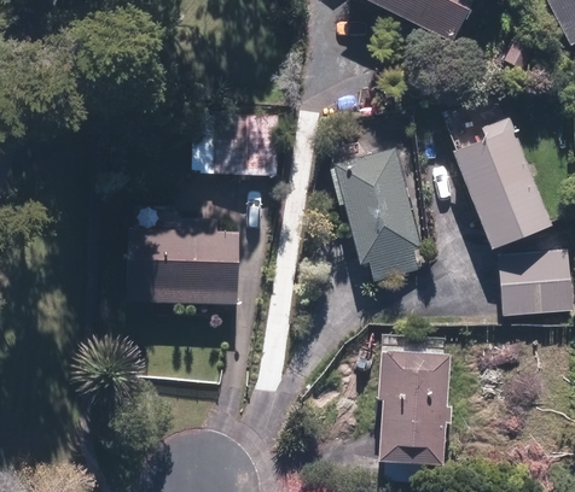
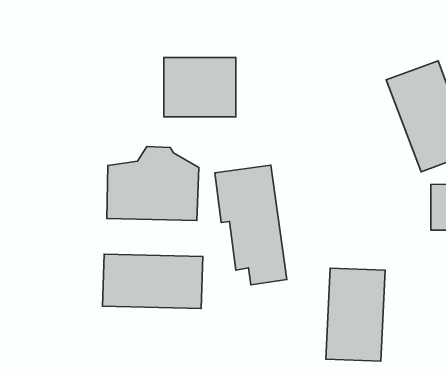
building: [336,146,418,282] -> [215,165,287,285]
building: none -> [102,254,203,308]

